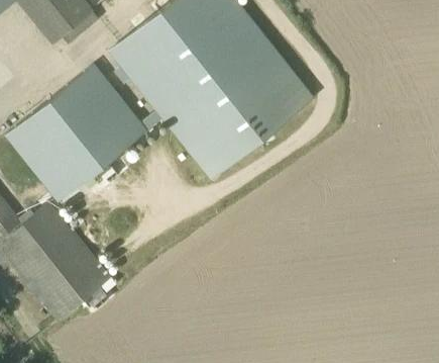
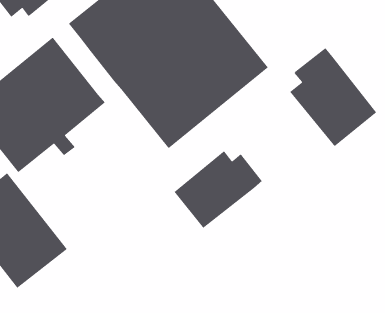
building: none -> [289,47,377,147]
building: none -> [173,150,263,229]

